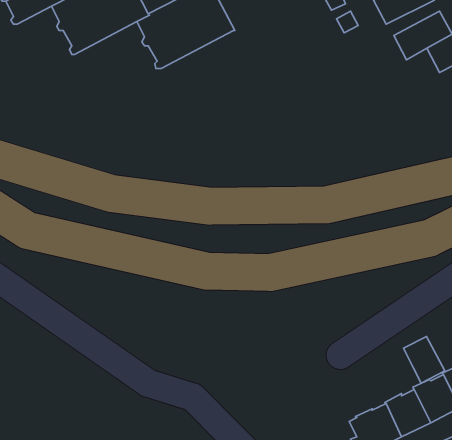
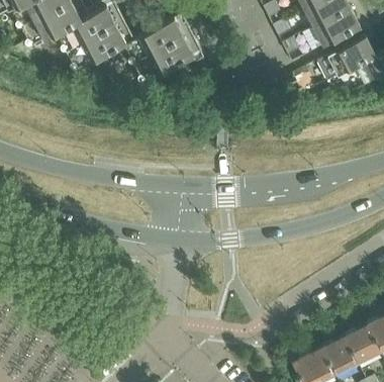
building: [403,336,445,383] -> none

